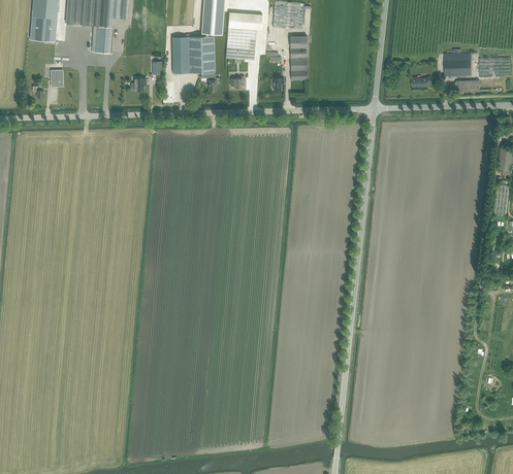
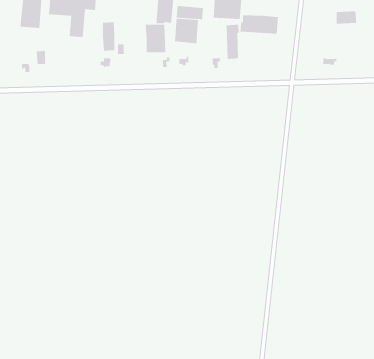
building: none -> [240,15,278,34]
building: [172,36,189,73] -> [102,22,115,51]
building: [445,60,472,76] -> [336,11,357,24]

